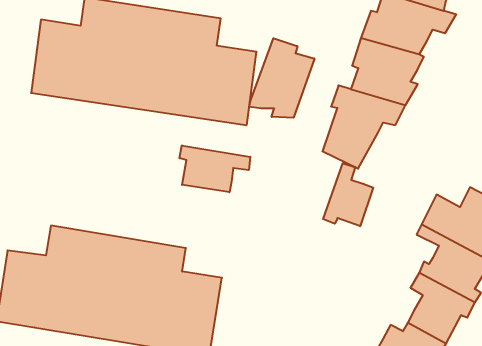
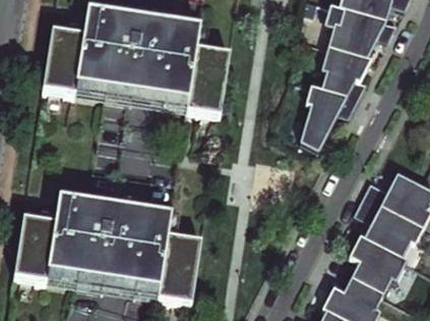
building: [249,38,314,118] -> none
building: [179,145,250,192] -> none
building: [323,163,373,226] -> none

